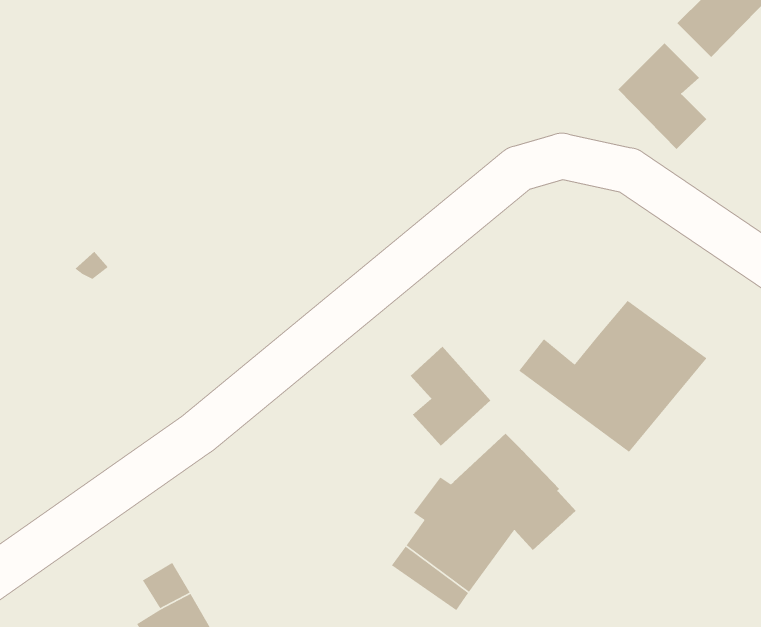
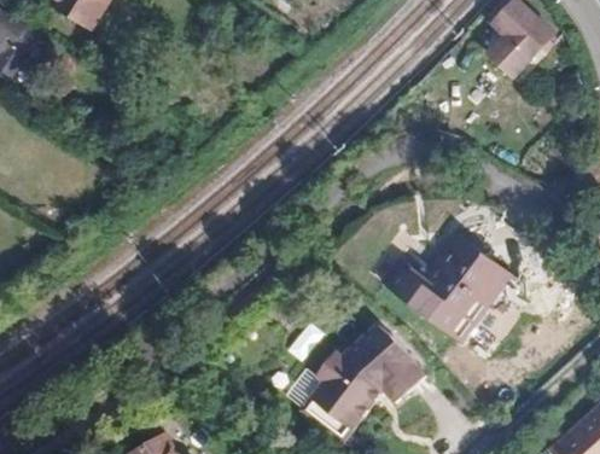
building: [618,42,707,150] -> none
building: [410,346,491,446] -> none

